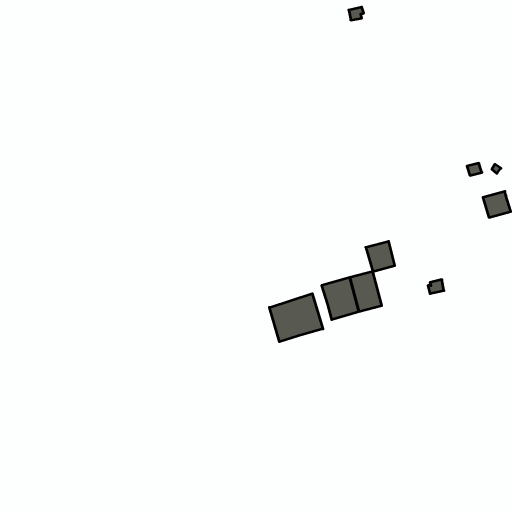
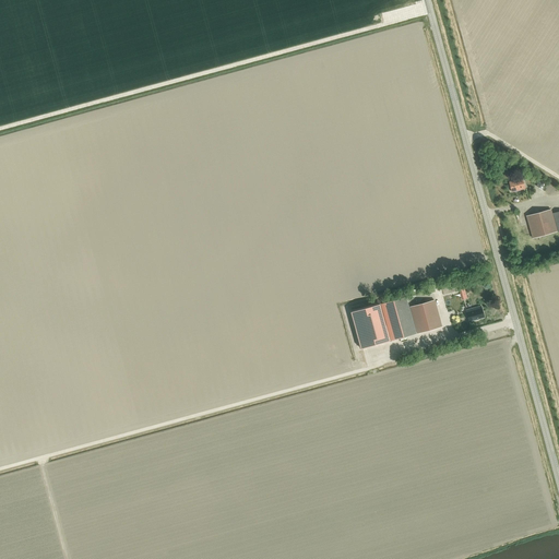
building: [366,241,395,272] -> [409,299,441,332]
building: [269,294,323,342] -> none

